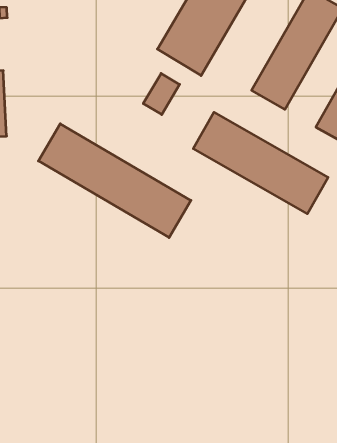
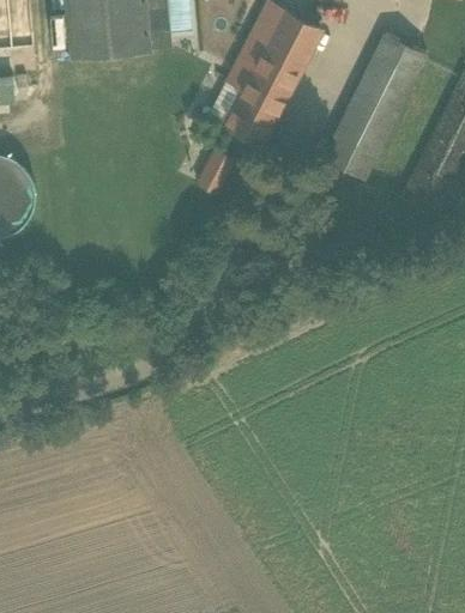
building: [193,112,328,214] -> none
building: [38,124,191,238] -> none

